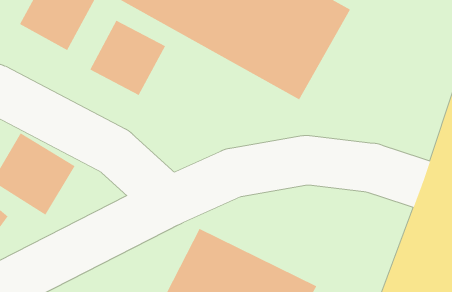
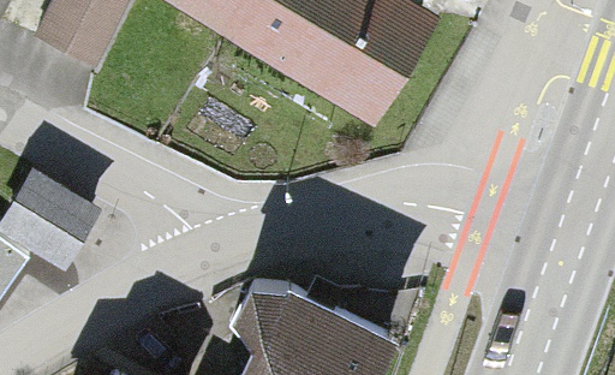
building: [89,20,166,96] -> none

